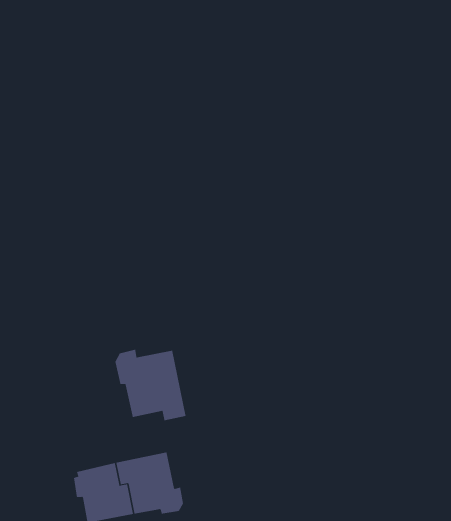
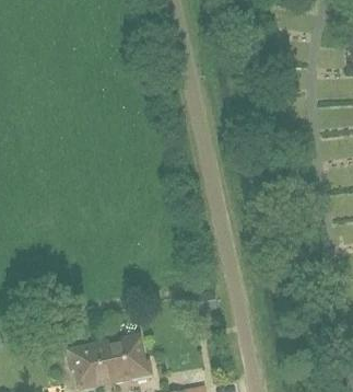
building: [115,349,186,421] -> none

